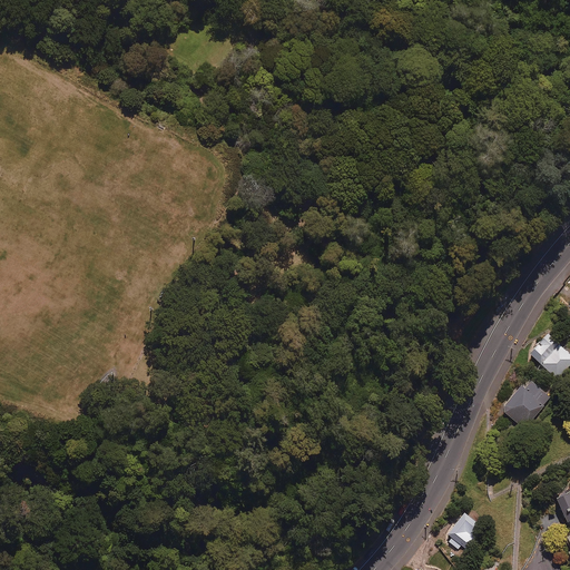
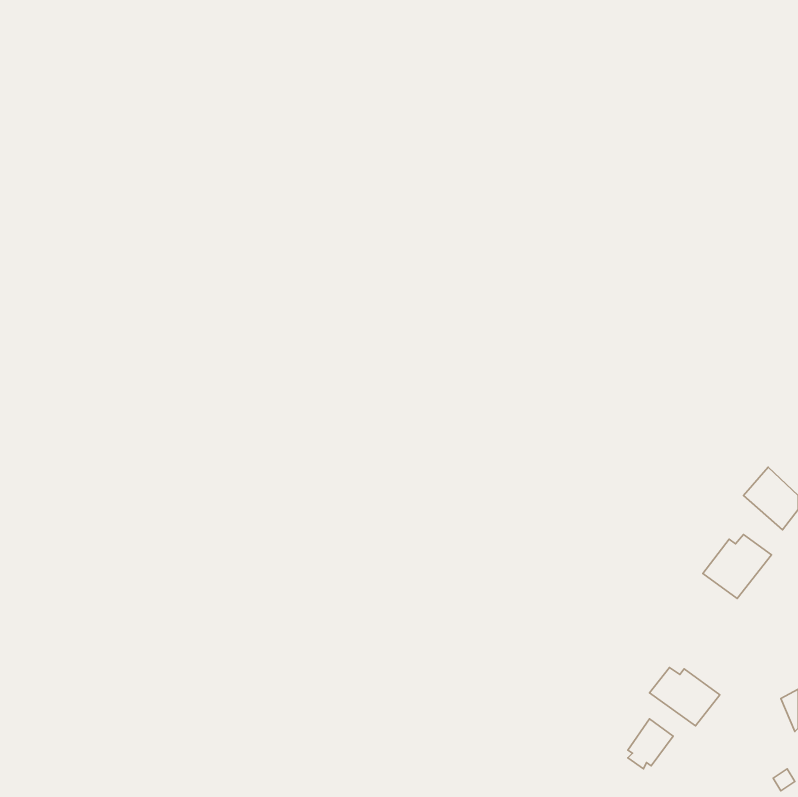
building: none -> [650,667,720,726]

